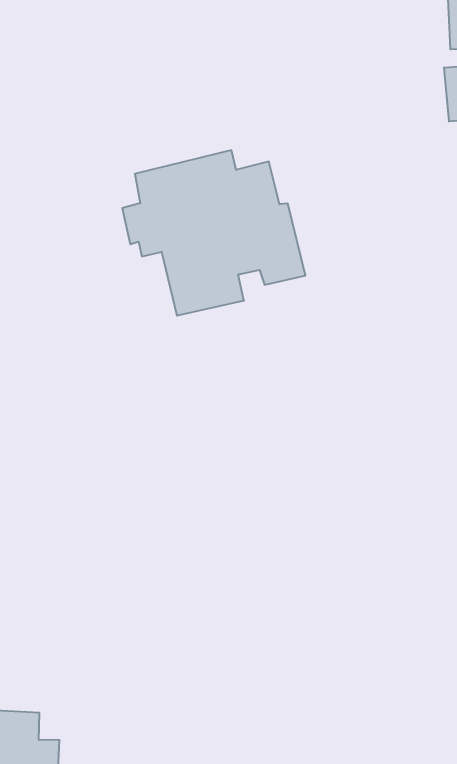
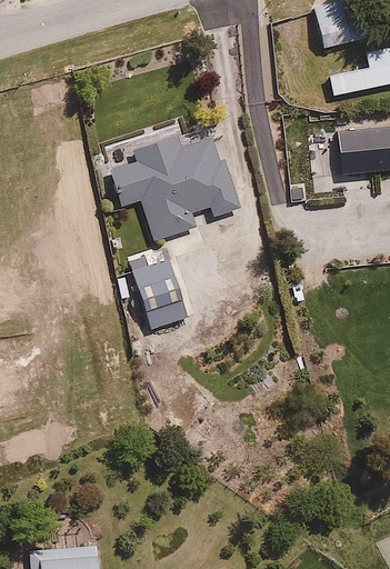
building: none -> [123,257,189,333]

